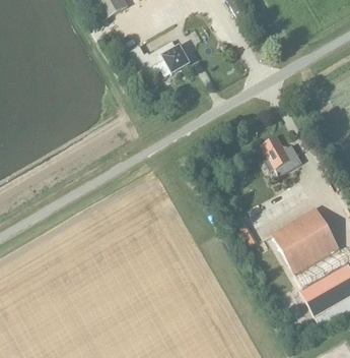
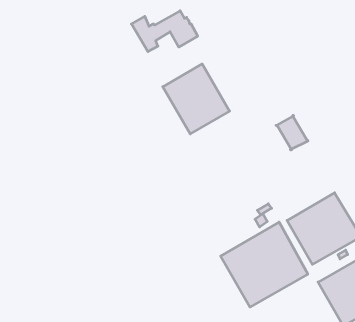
building: none -> [163,64,230,134]
building: none -> [221,222,308,307]

